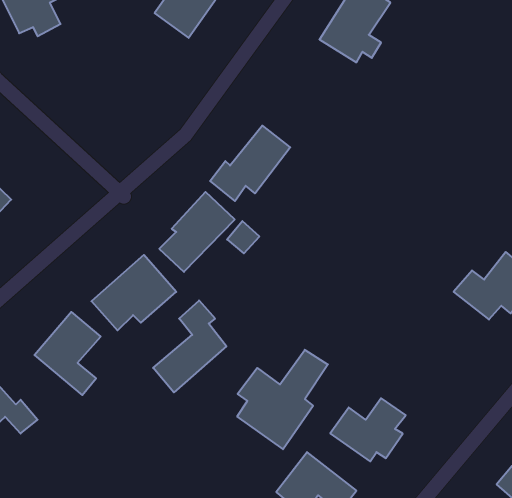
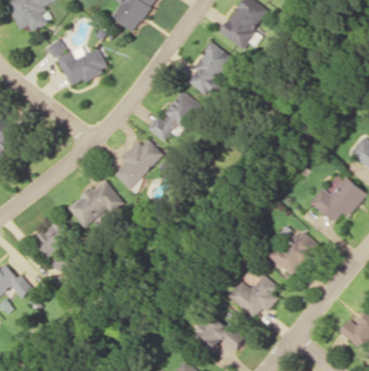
building: none -> [48,38,108,88]
building: none -> [187,42,233,96]
building: [153,300,226,392] -> none
building: none -> [271,227,320,275]
building: [237,350,328,449] -> none

